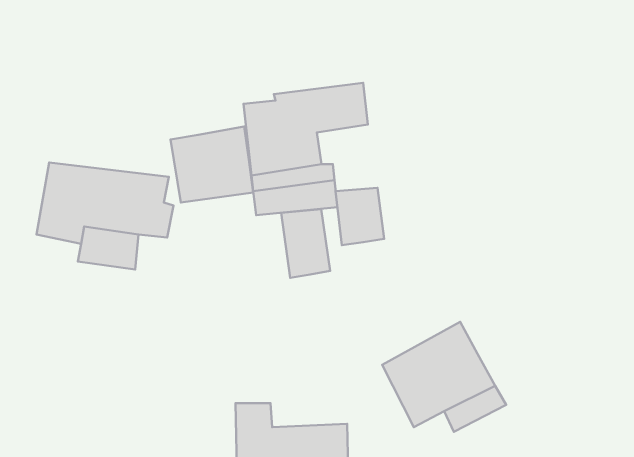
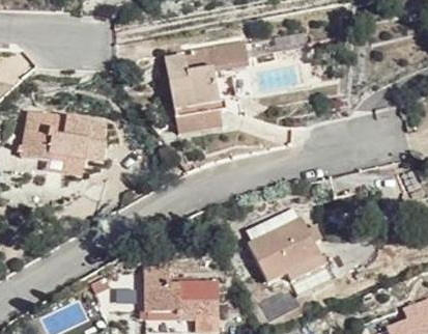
building: [171,127,253,202] -> none
building: [336,188,384,245] -> none
building: [281,209,330,278] -> none

